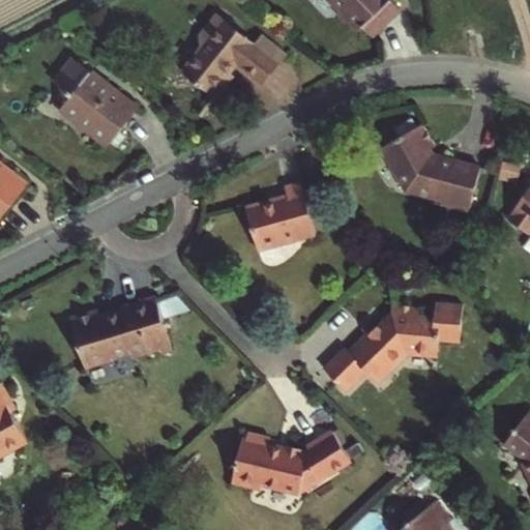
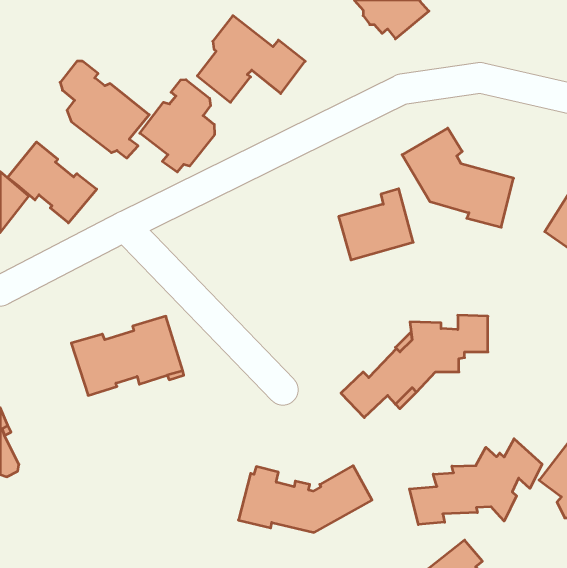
building: none -> [140,80,214,172]
building: none -> [8,142,97,223]
building: [244,183,314,249] -> [339,189,413,260]
building: none -> [409,439,542,525]

